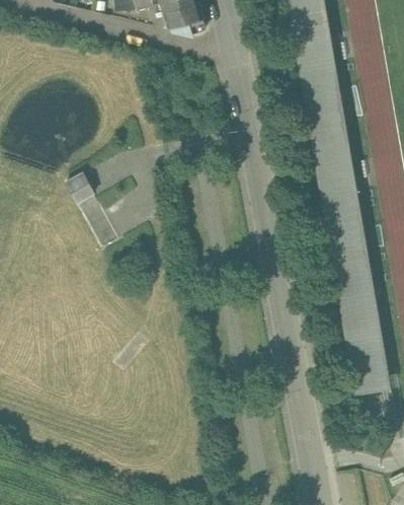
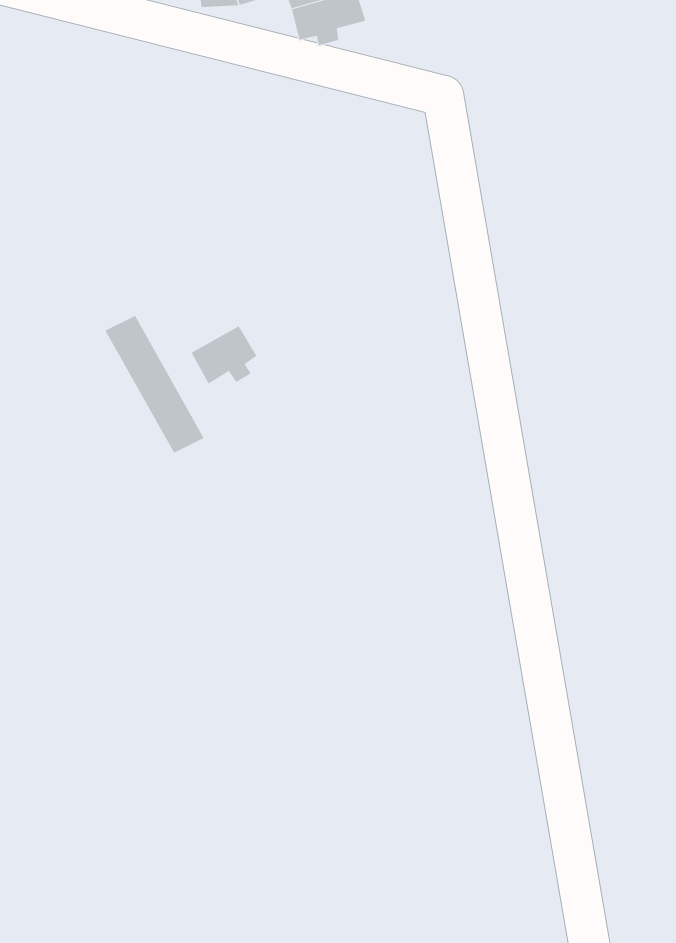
building: none -> [191,326,257,385]

